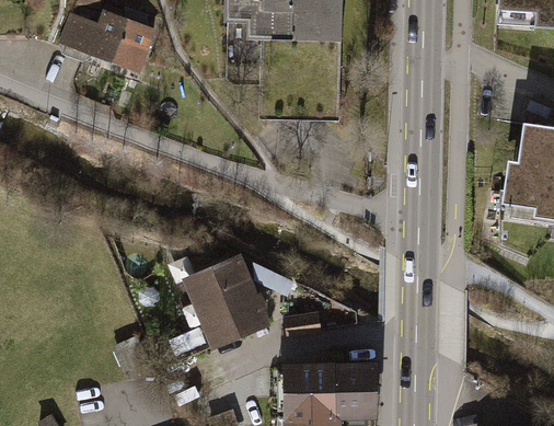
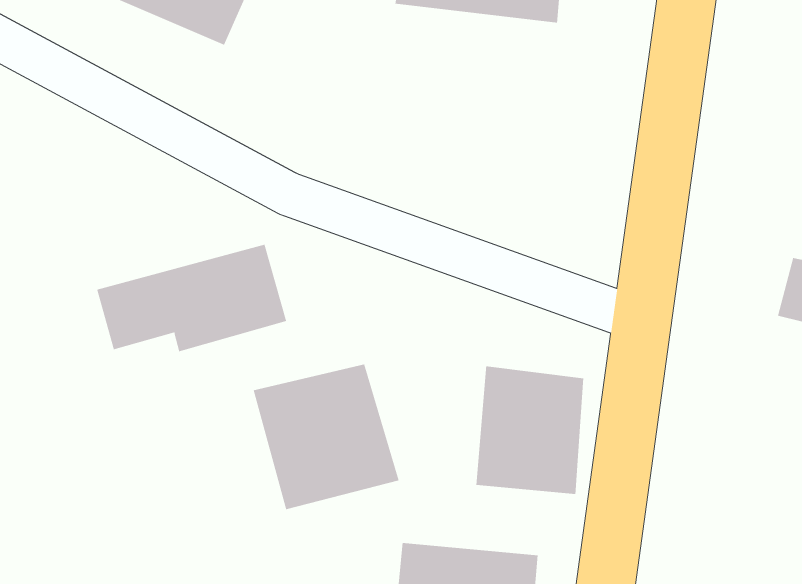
building: none -> [97,244,287,352]
building: none -> [476,366,584,495]

